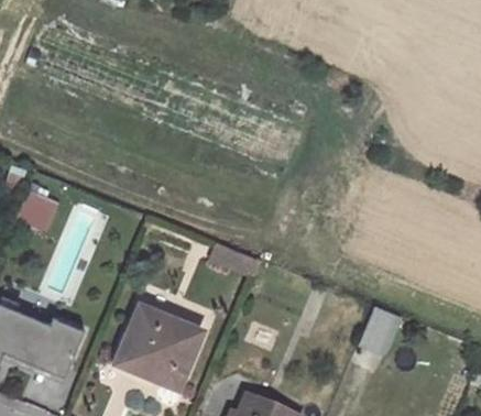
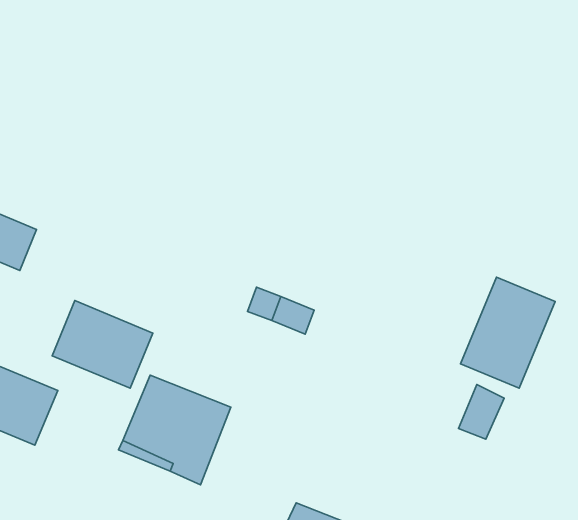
building: none -> [461,277,555,388]
building: none -> [52,301,153,388]

